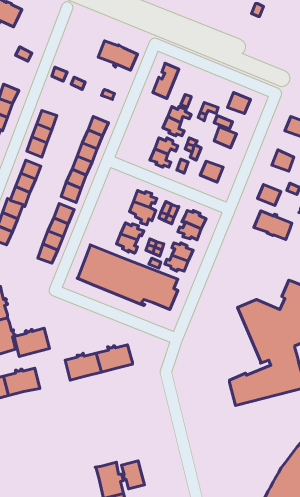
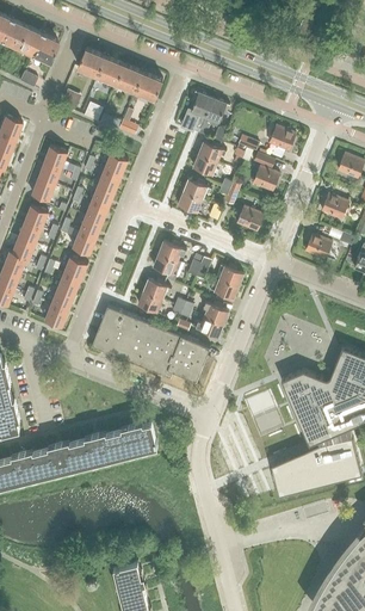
building: none -> [17,29,58,63]
building: none -> [79,49,124,85]
building: none -> [198,99,230,137]
building: [254,211,292,239] -> none
building: [14,328,49,357] -> [42,443,83,476]
building: [122,461,144,489] -> none

